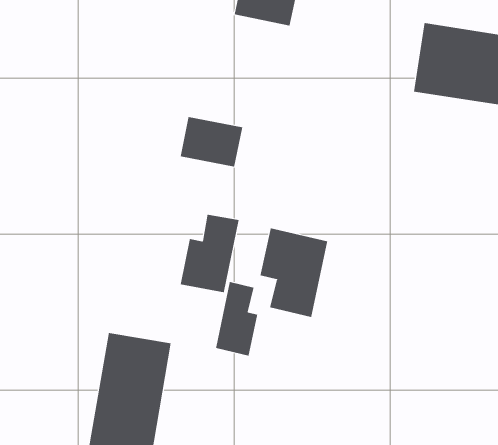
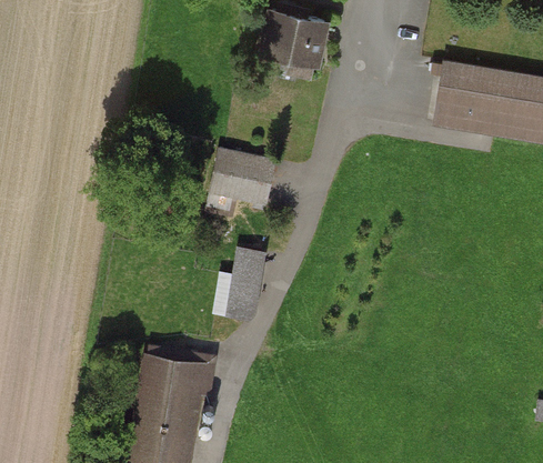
building: [260,228,328,318] -> none
building: [215,281,258,356] -> none

